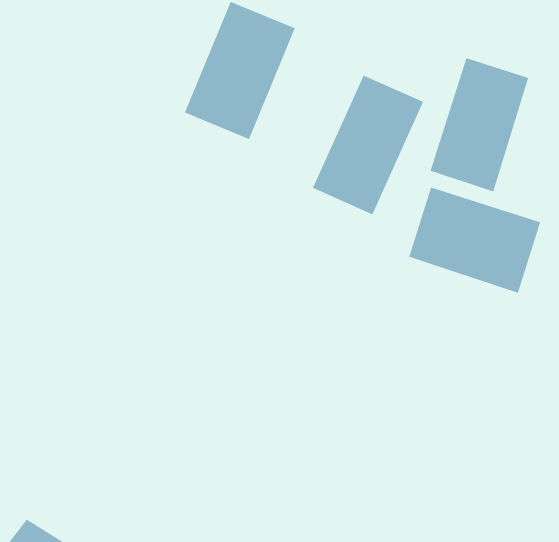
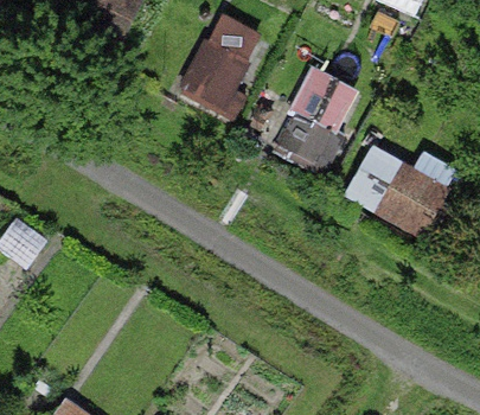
building: [429,57,529,192] -> none

